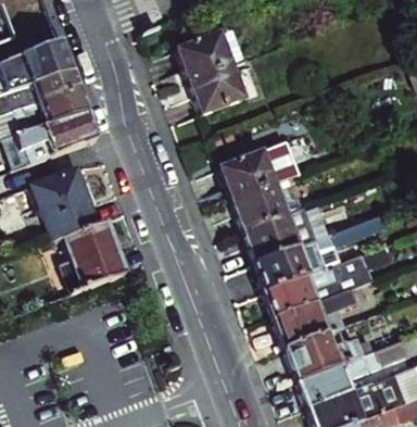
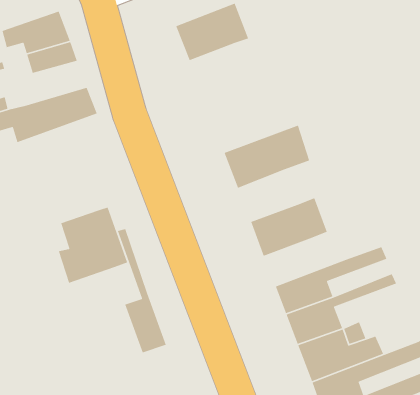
building: [186,66,240,114] -> none
building: [25,83,91,124] -> none
building: [39,163,101,235] -> none
building: [230,184,286,231] -> none
building: [254,226,359,291] -> none
building: none -> [117,228,167,354]

